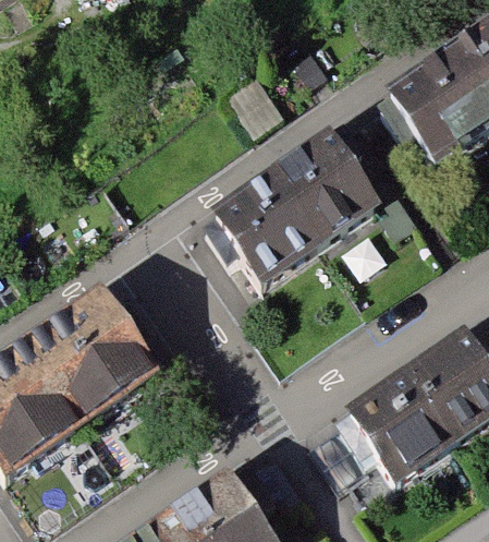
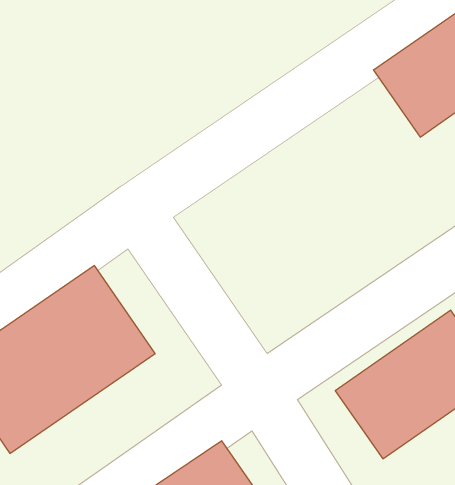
building: [217,133,379,282] -> none

